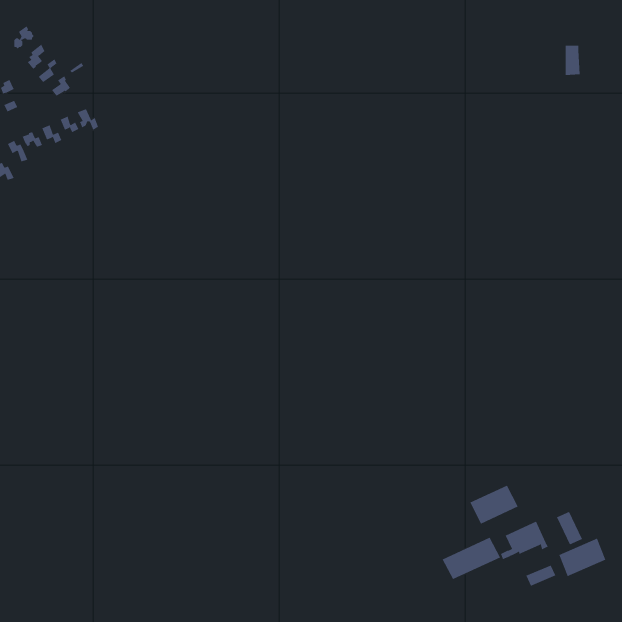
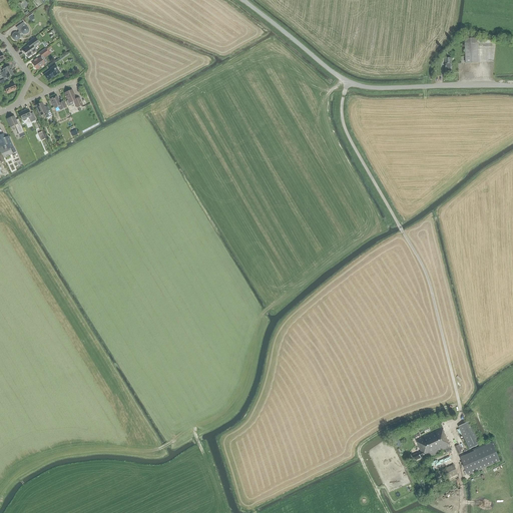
building: [470,485,519,524] -> none
building: [442,537,501,580] -> none

